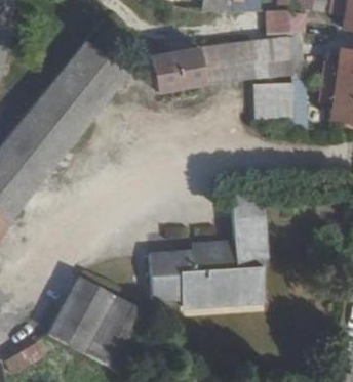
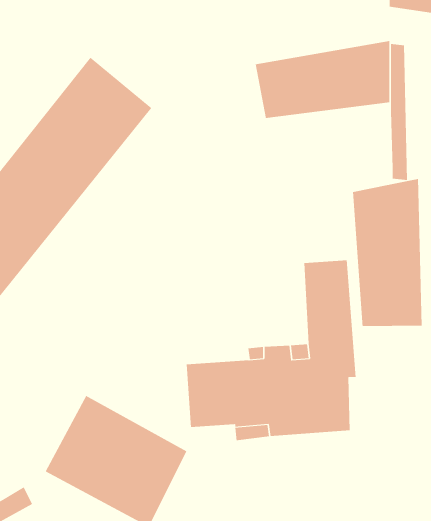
building: [153,47,205,93] -> none
building: [258,80,293,120] -> none
building: none -> [353,178,422,327]

